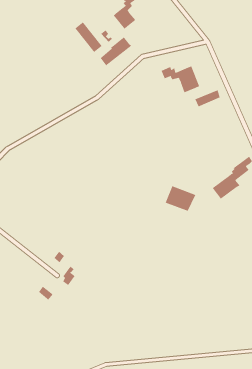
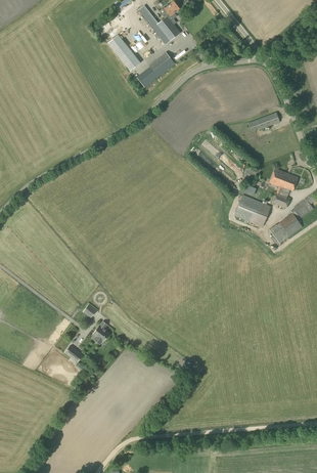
building: [161,65,200,93] -> none
building: none -> [269,168,298,208]
building: [165,185,196,212] -> [234,195,271,225]

